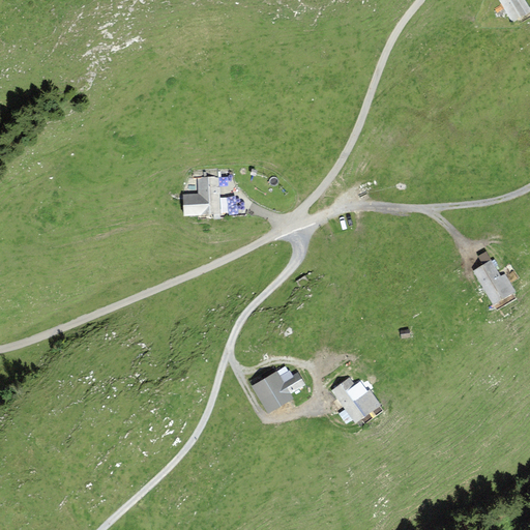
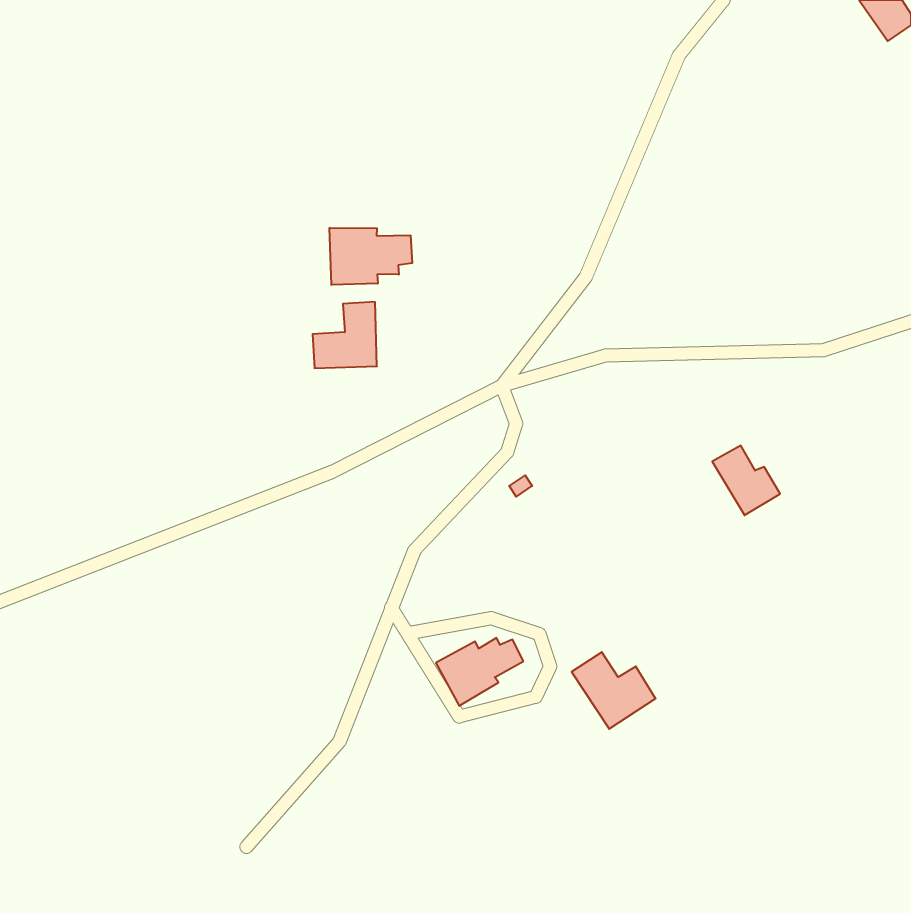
building: none -> [330,228,412,285]
building: [474,260,513,300] -> [712,446,780,515]

